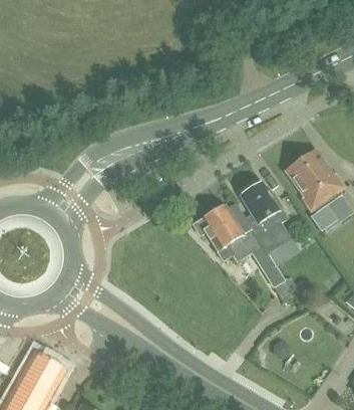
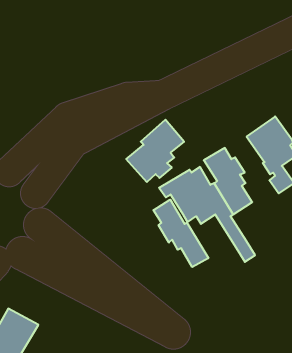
building: none -> [126,120,184,182]
building: none -> [153,200,208,267]

